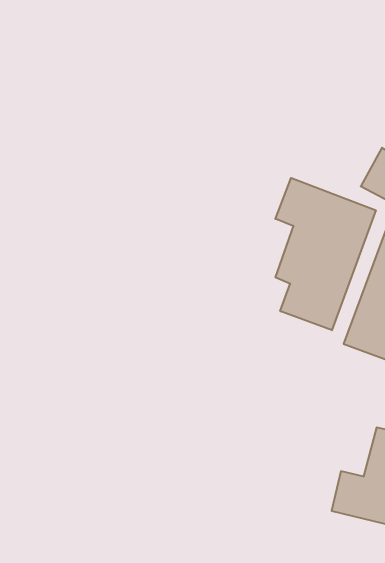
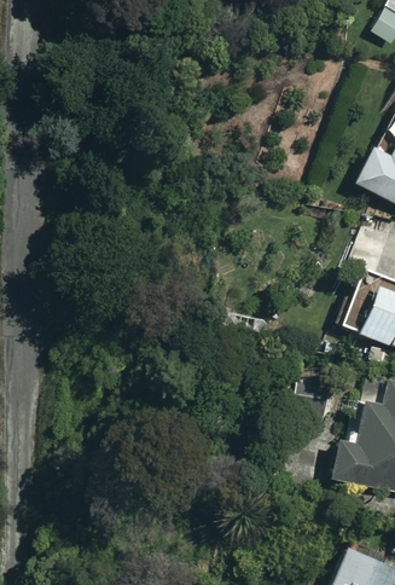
building: [275,178,376,330] -> none

